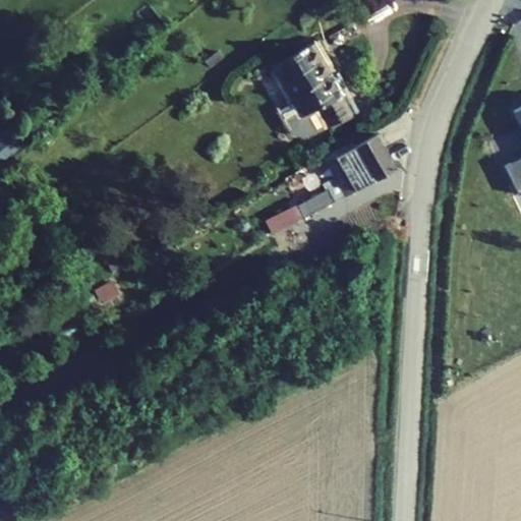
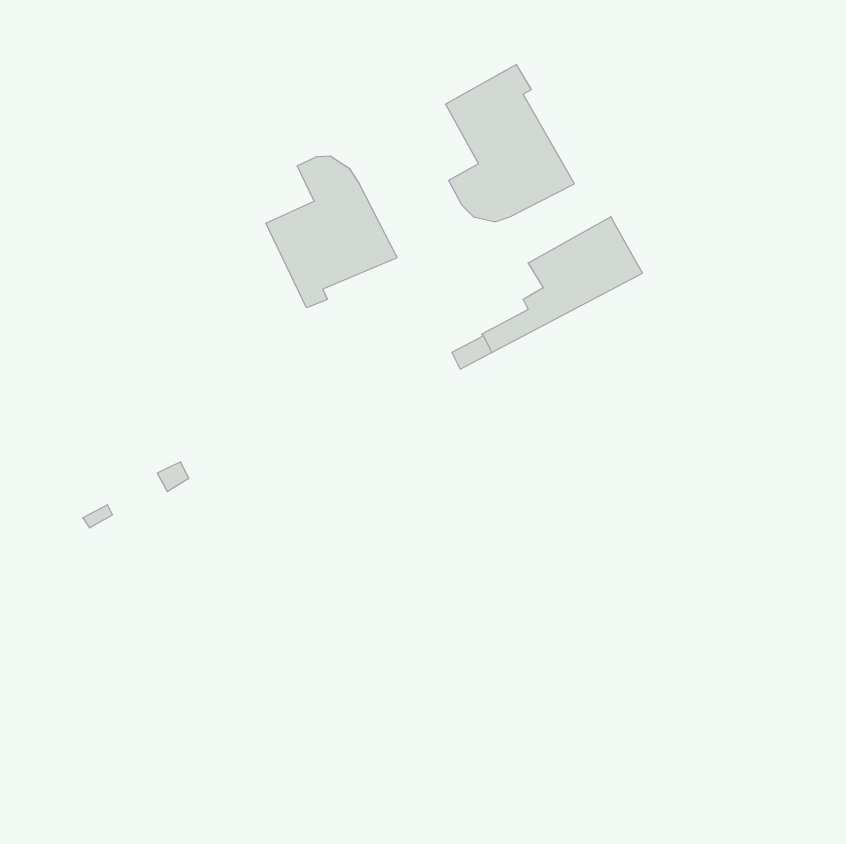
building: none -> [266,156,397,308]

